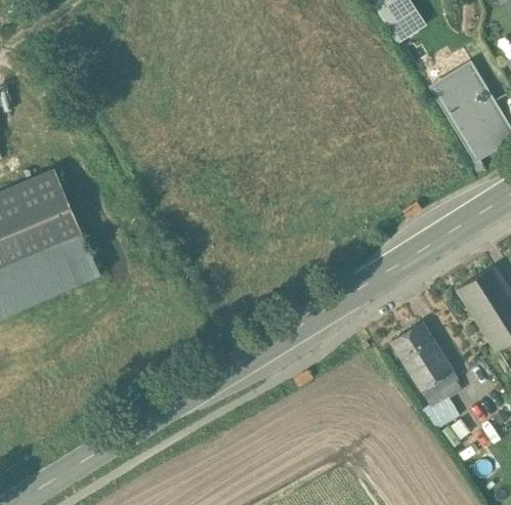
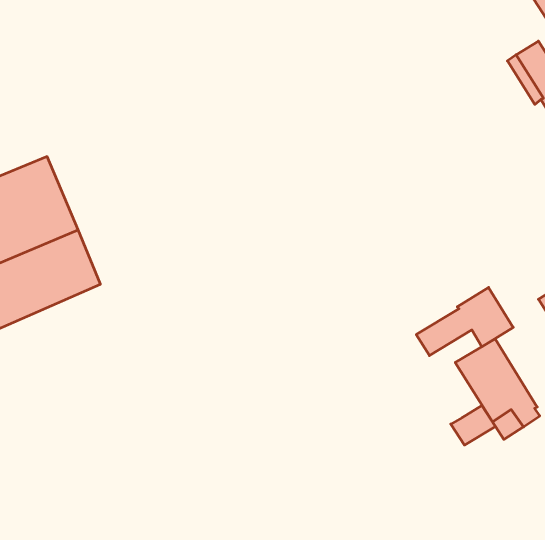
building: none -> [416,287,513,356]
building: [421,394,458,427] -> [451,405,495,445]

